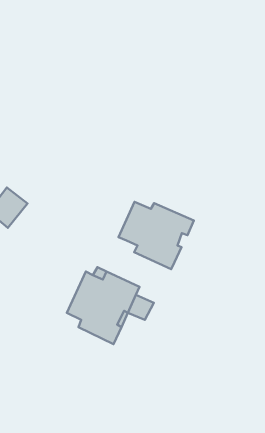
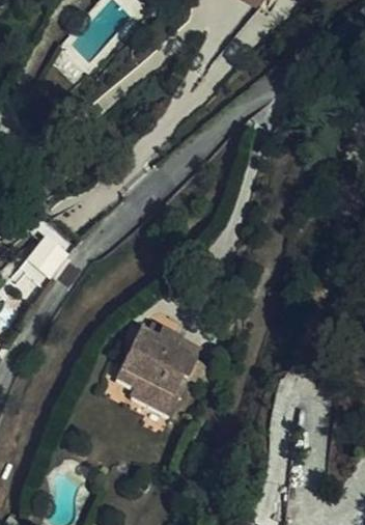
building: [118,202,194,269] -> none

